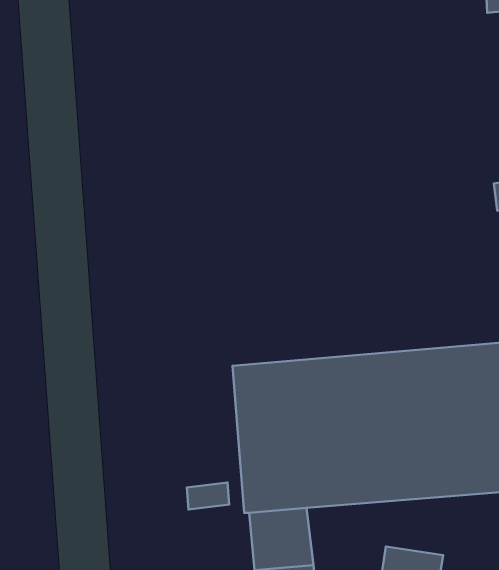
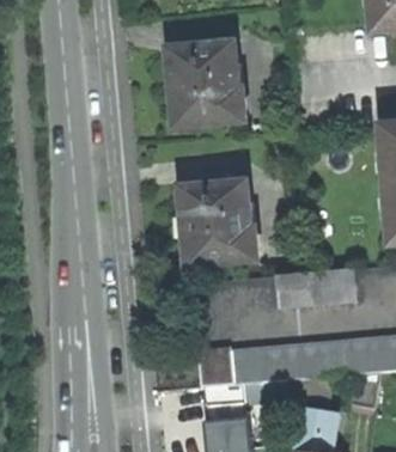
building: none -> [164,33,243,129]
building: none -> [175,173,251,269]

